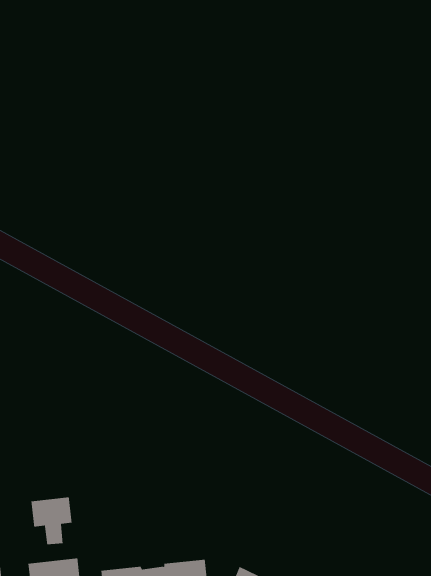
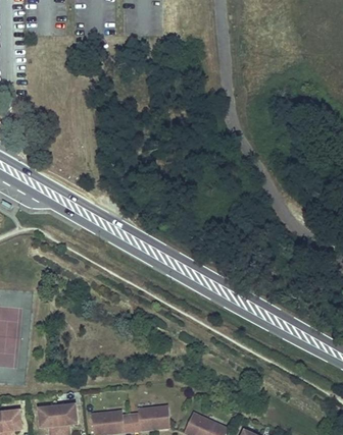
building: [31,496,72,545] -> none

